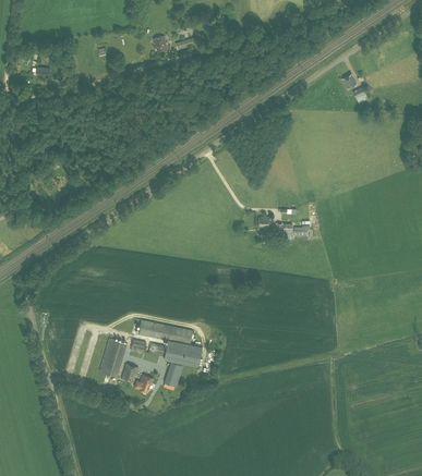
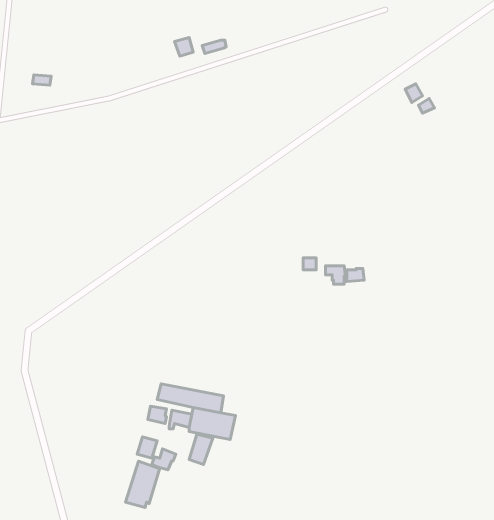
building: [99,338,128,376] -> [125,461,160,507]

